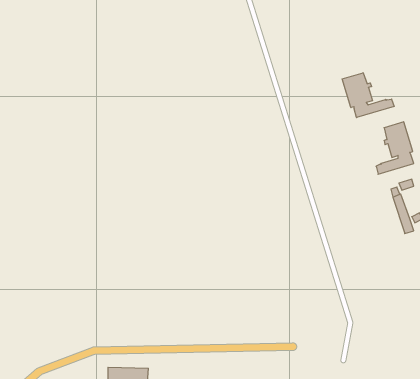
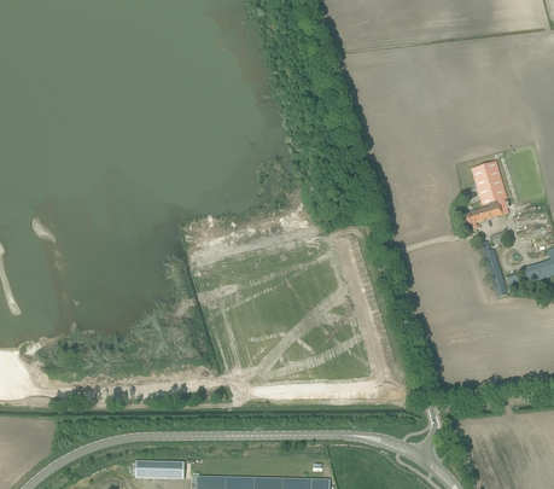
building: [342,73,394,118] -> none

